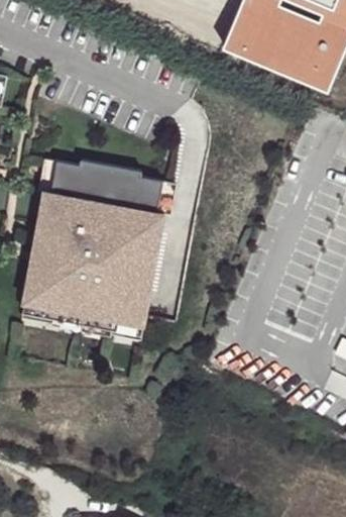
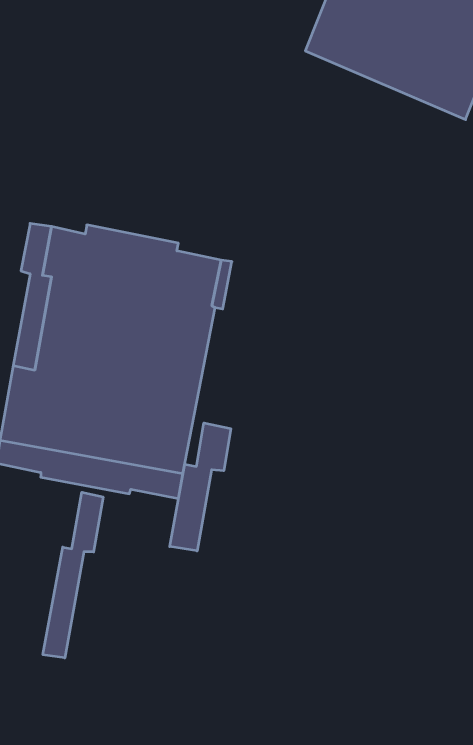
building: none -> [170,423,231,551]
building: none -> [43,492,103,658]

